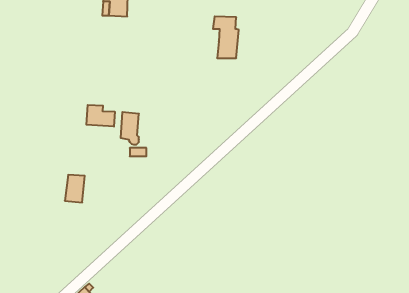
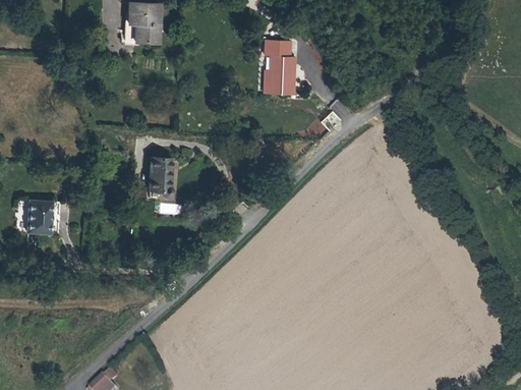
building: [86,105,115,127] -> none
building: [65,175,85,202] -> [27,202,52,235]

